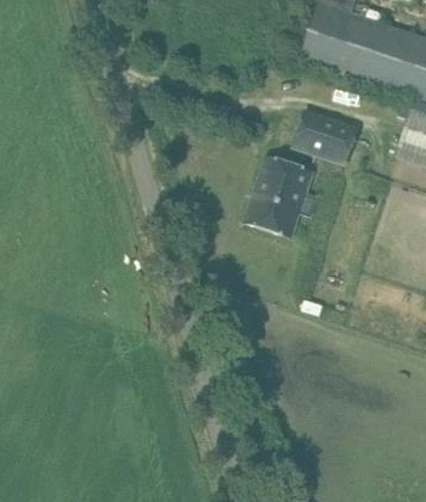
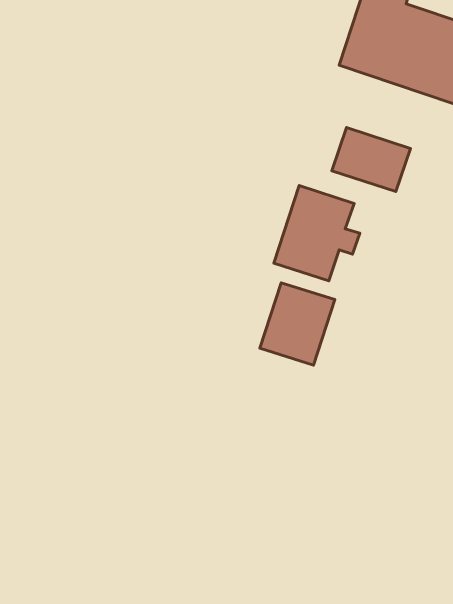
building: none -> [260,283,335,365]

